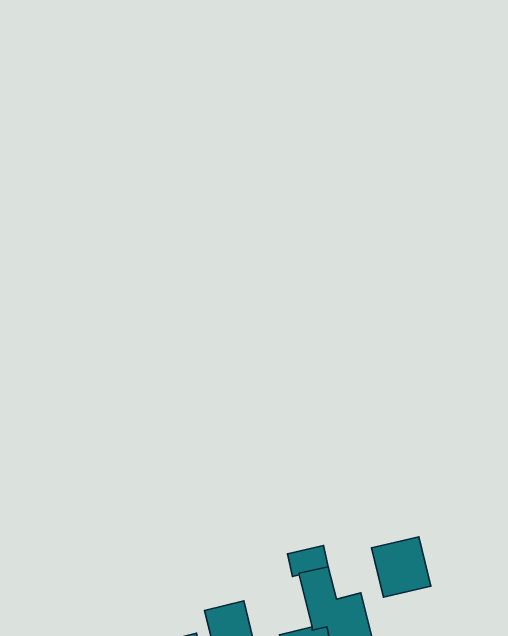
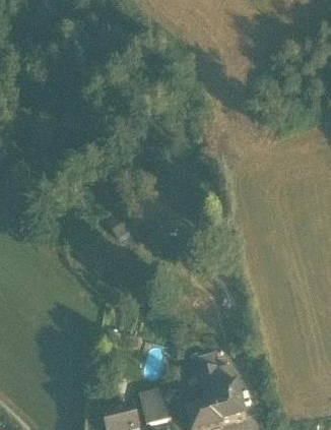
building: [372,537,431,597] -> none

